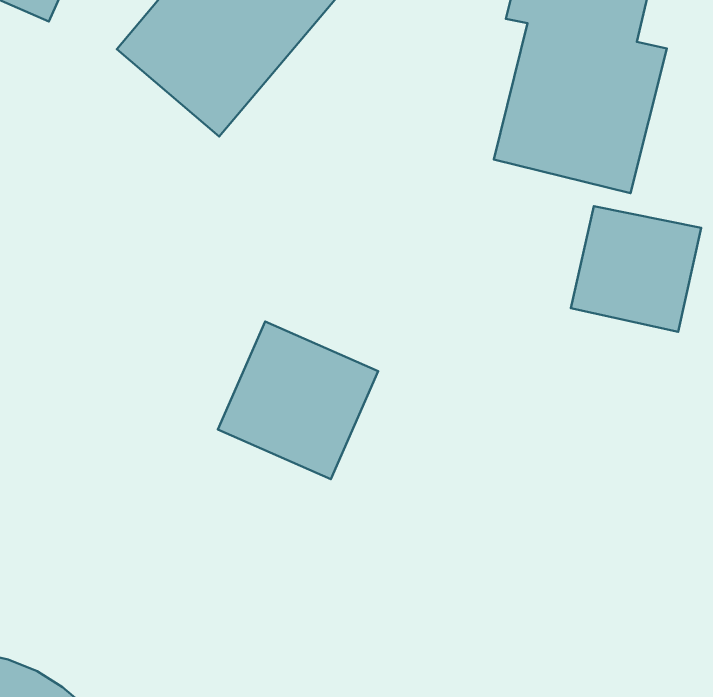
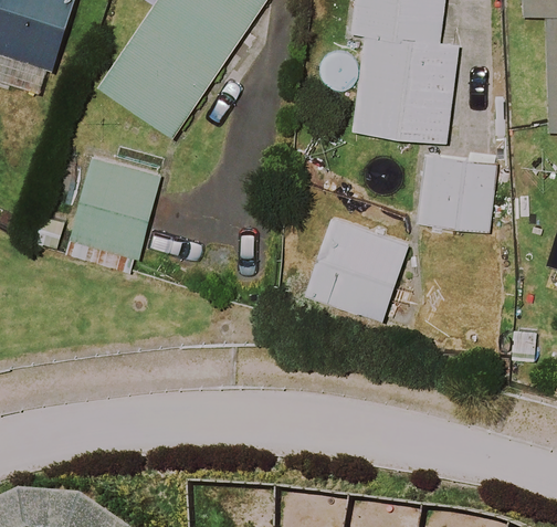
building: none -> [66,158,159,273]
building: [218,322,378,479] -> [306,217,407,315]

